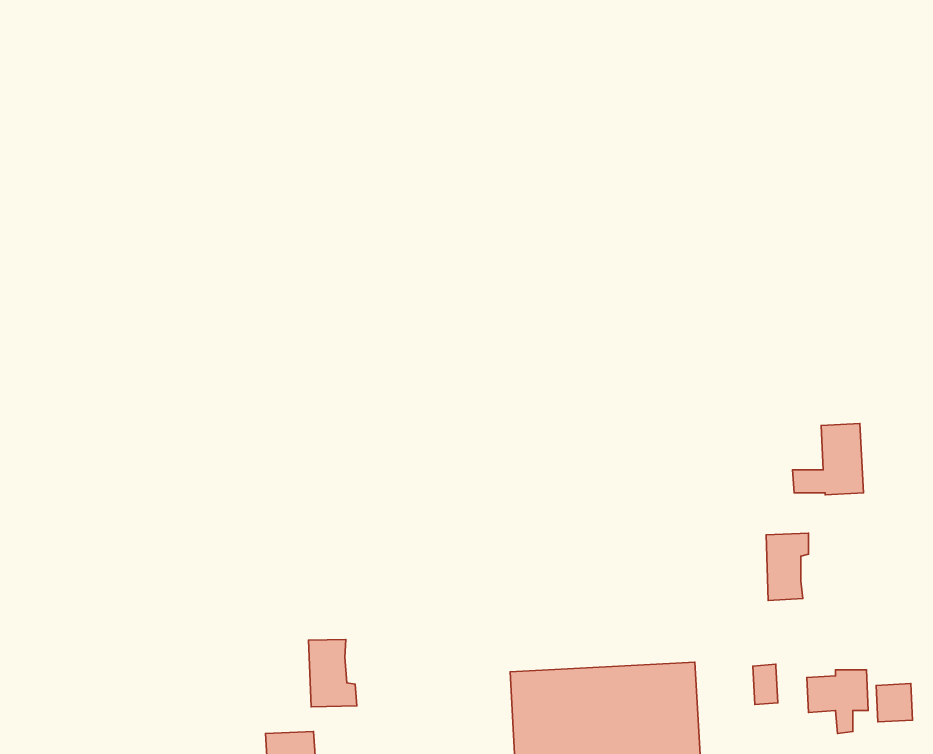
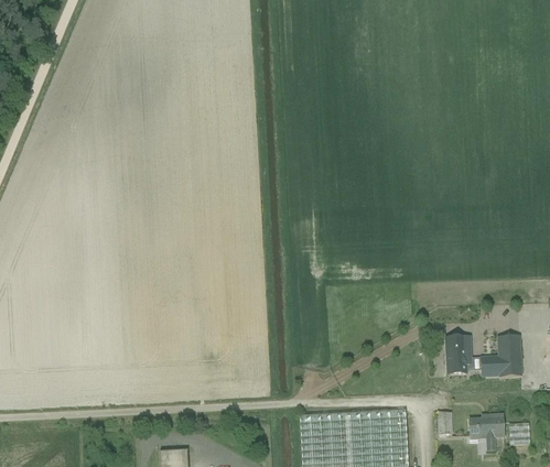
building: [792,424,864,495] -> [482,337,522,378]
building: [309,639,357,707] -> none

